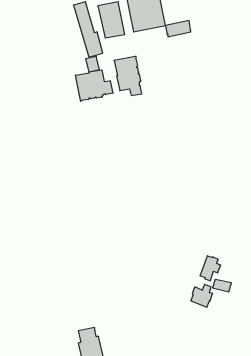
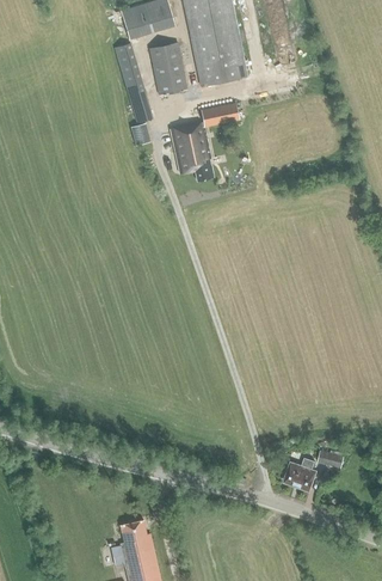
building: [165,21,191,37] -> [201,103,238,127]
building: [76,70,113,101] -> none
building: [200,256,221,281] -> none

